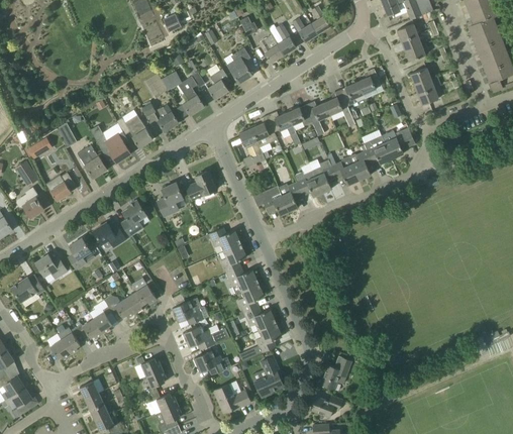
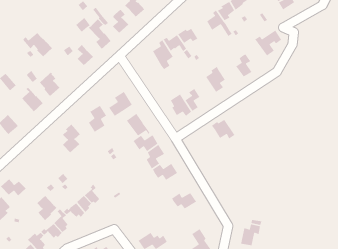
building: [304,102,329,139] -> none
building: [116,115,152,147] -> [22,32,53,57]
building: [238,126,265,167] -> none
building: [360,129,392,164] -> none
building: [330,157,358,186] -> none
building: [293,171,321,197] -> [211,119,235,141]
building: none -> [126,113,150,137]
building: [92,222,125,247] -> none
building: [68,237,93,269] -> [37,195,57,221]
building: [237,284,264,313] -> none
building: [172,301,208,324] -> none
building: [254,323,281,353] -> none
building: [182,326,230,350] -> none

